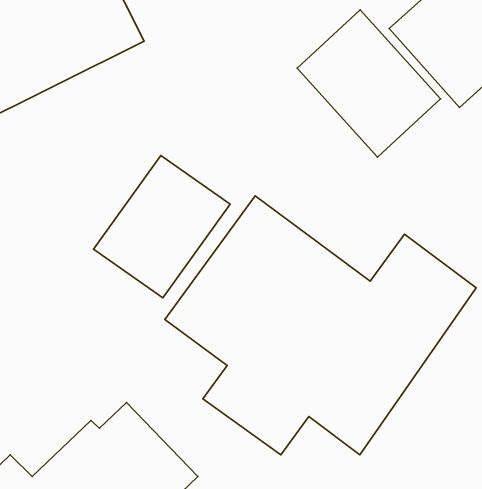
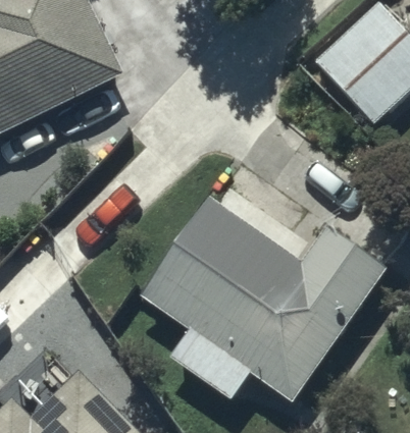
building: [297,10,440,157] -> none
building: [94,156,230,298] -> none

